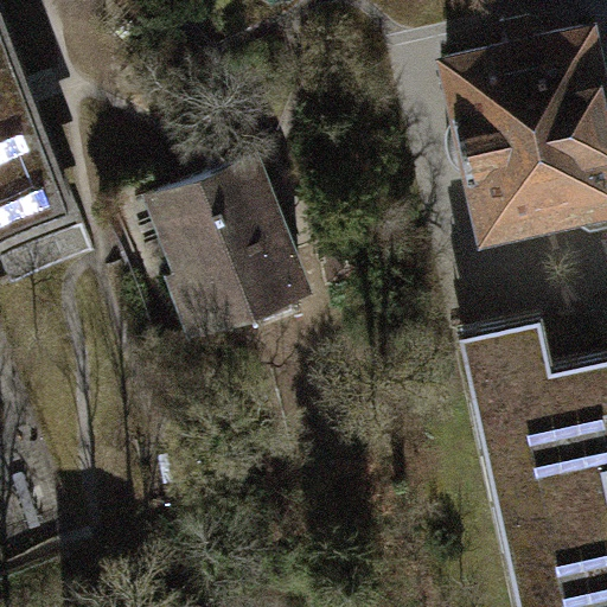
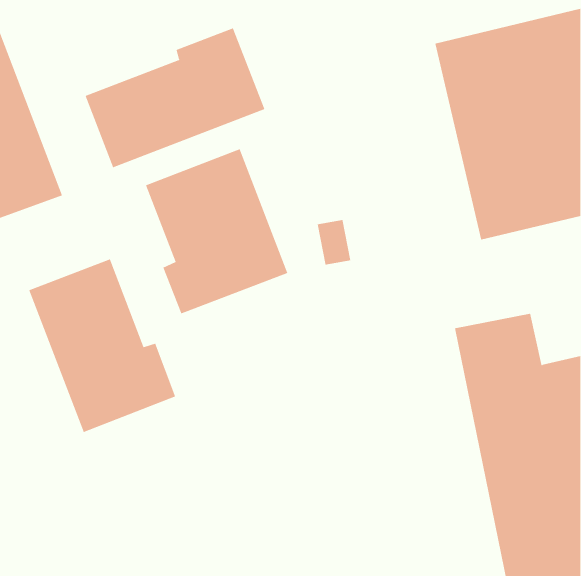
building: none -> [85,28,265,168]
building: none -> [28,259,176,433]

